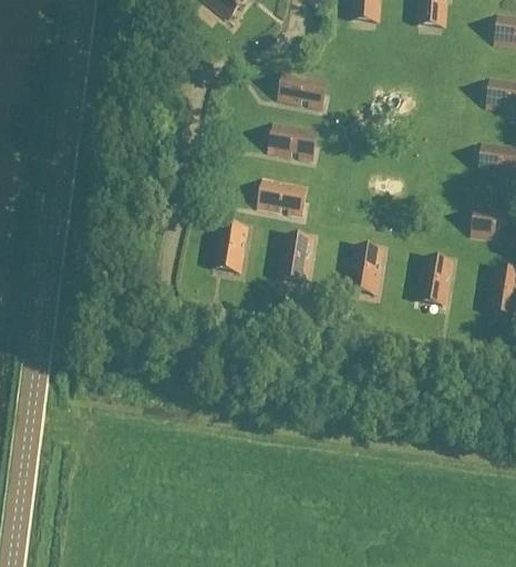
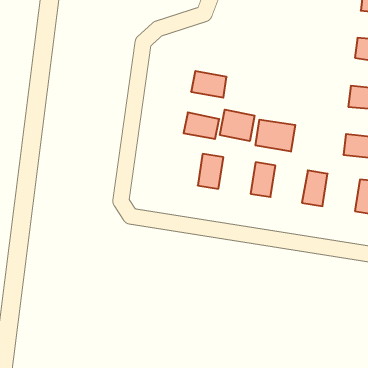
building: [279,71,327,106] -> none
building: none -> [220,110,255,141]
building: none -> [256,120,295,152]
building: [213,223,247,270] -> none

